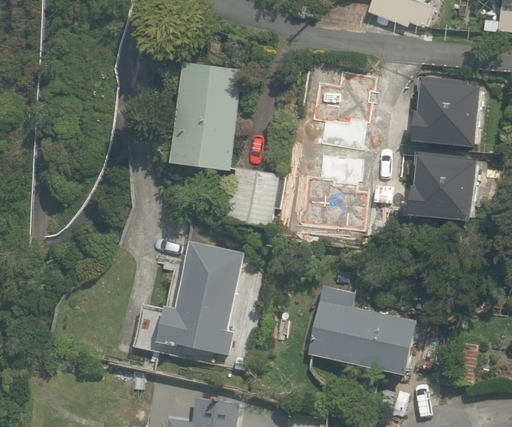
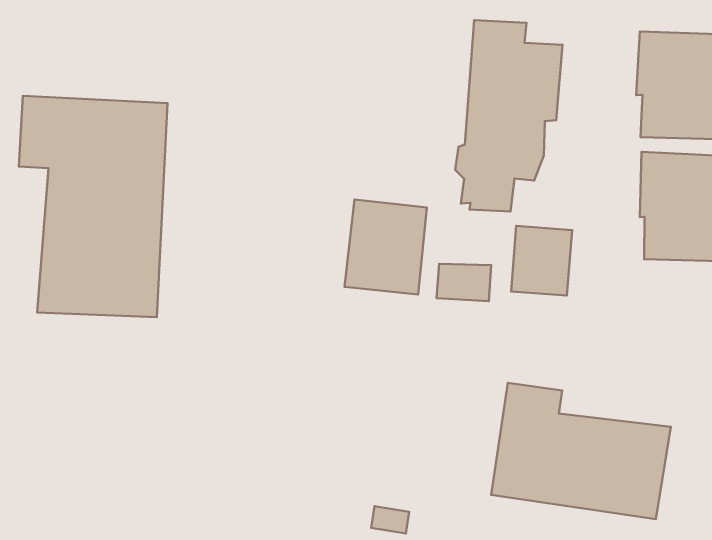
building: [171,62,241,170] -> none
building: none -> [19,96,168,317]
building: [154,240,242,365] -> none

